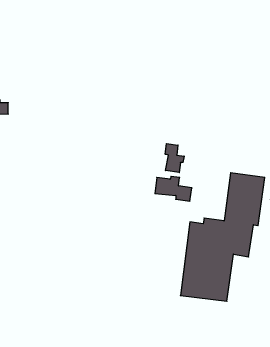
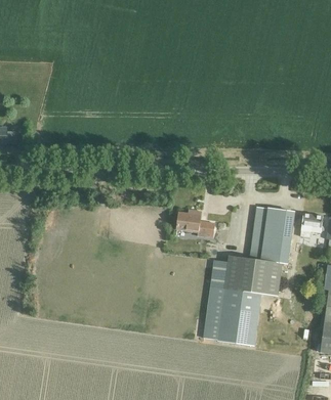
building: [165,144,184,173] -> none

